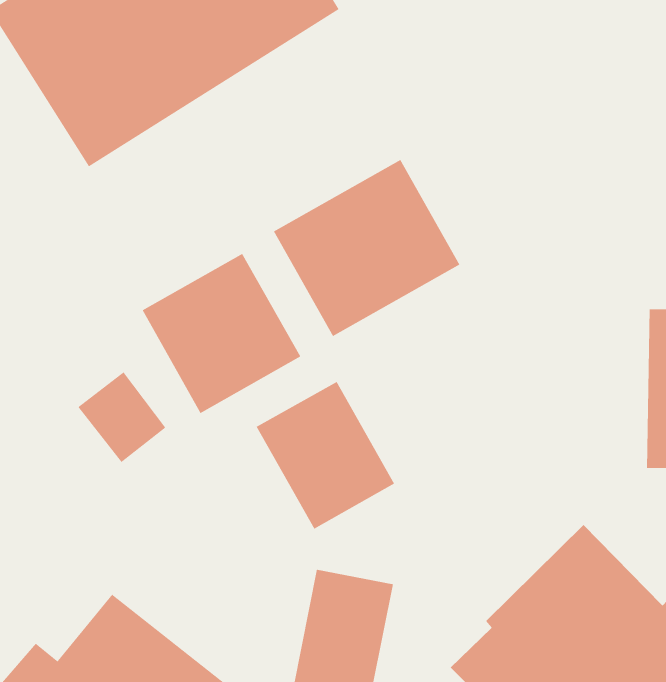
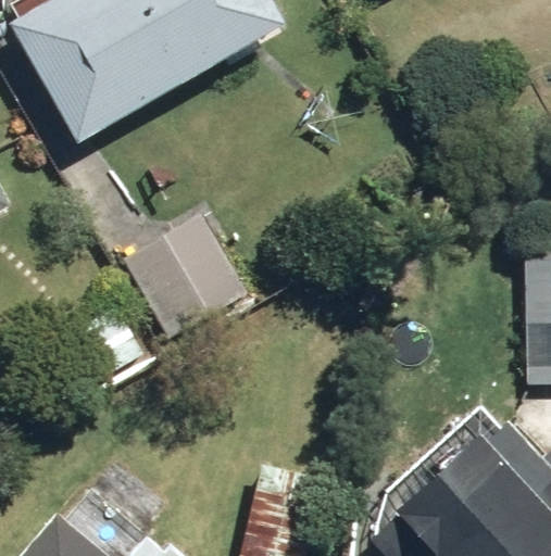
building: [273,159,460,337] -> none
building: [256,381,395,530] -> none

